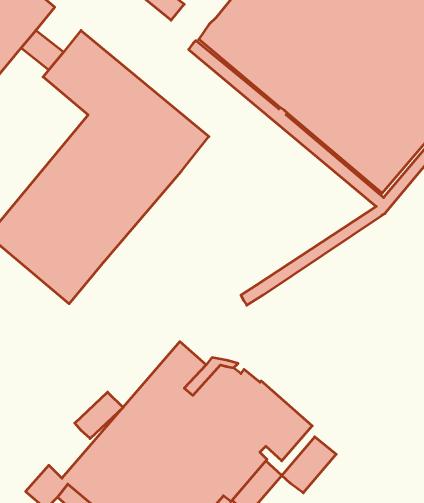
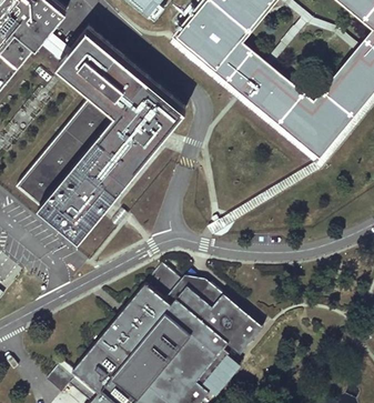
building: [75,392,123,439] -> none
building: [282,437,336,493] -> none

